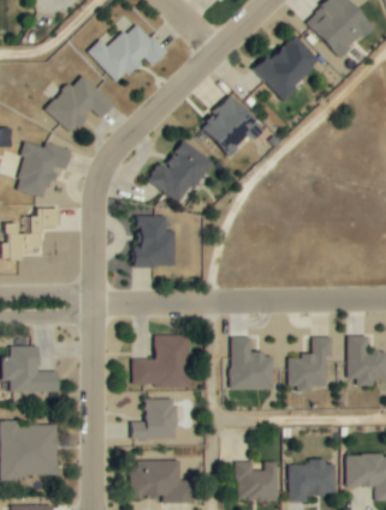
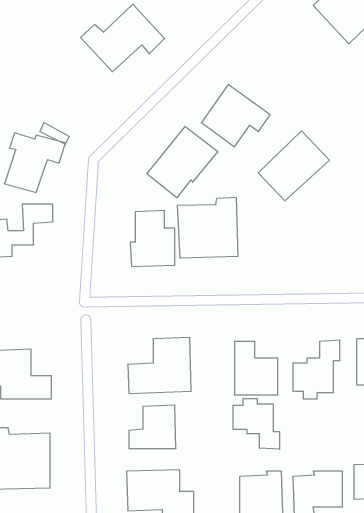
building: [256,32,323,98] -> [258,131,329,201]
building: [46,73,114,133] -> none
building: none -> [177,197,238,258]
building: none -> [233,398,280,449]

